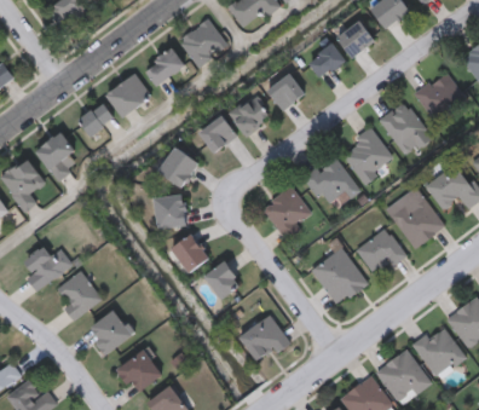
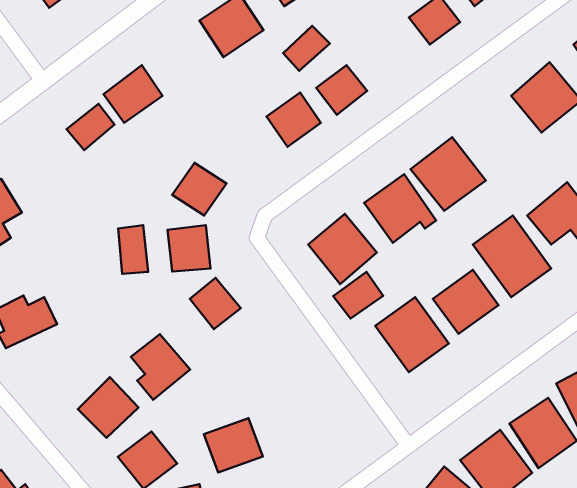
building: [310,42,345,76] -> [283,26,330,71]
building: [145,47,186,85] -> none
building: [380,100,432,157] -> none
building: [198,115,237,152] -> none
building: [35,132,81,183] -> none
building: none -> [118,225,148,274]
building: none -> [333,272,383,318]
building: [204,260,242,299] -> none
building: [58,271,103,321] -> [131,334,190,400]
building: [242,318,287,359] -> [204,418,263,472]

